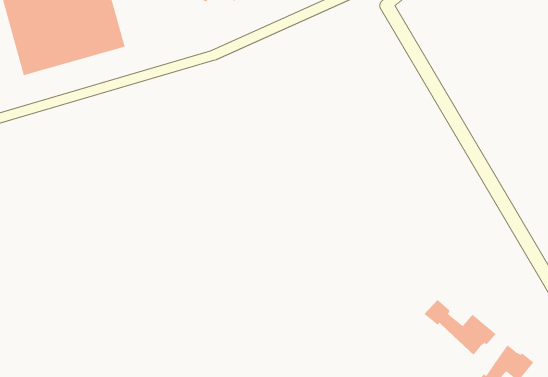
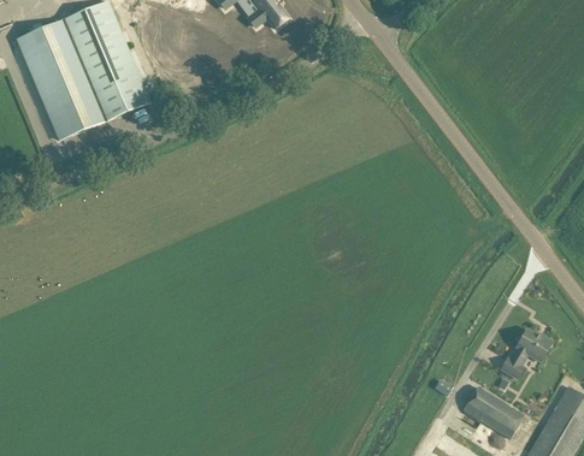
building: [424,299,497,355] -> none

